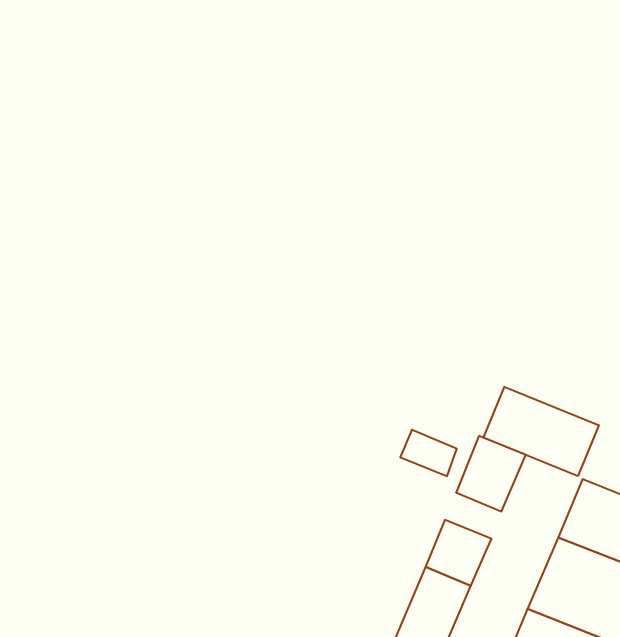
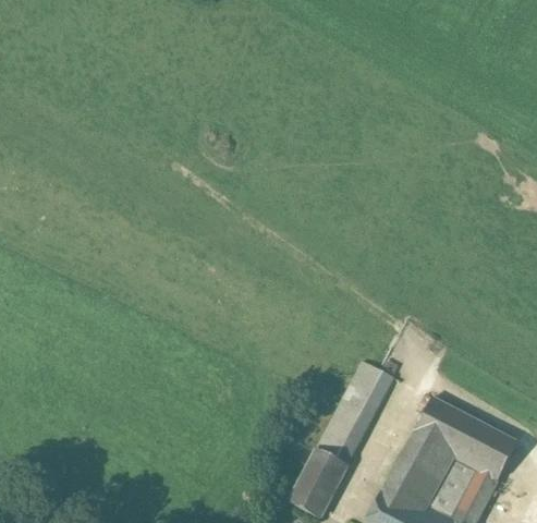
building: [483,387,599,476] -> none
building: [400,430,457,476] -> [332,400,373,435]

